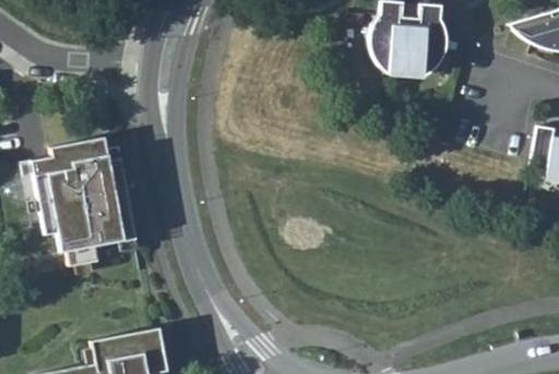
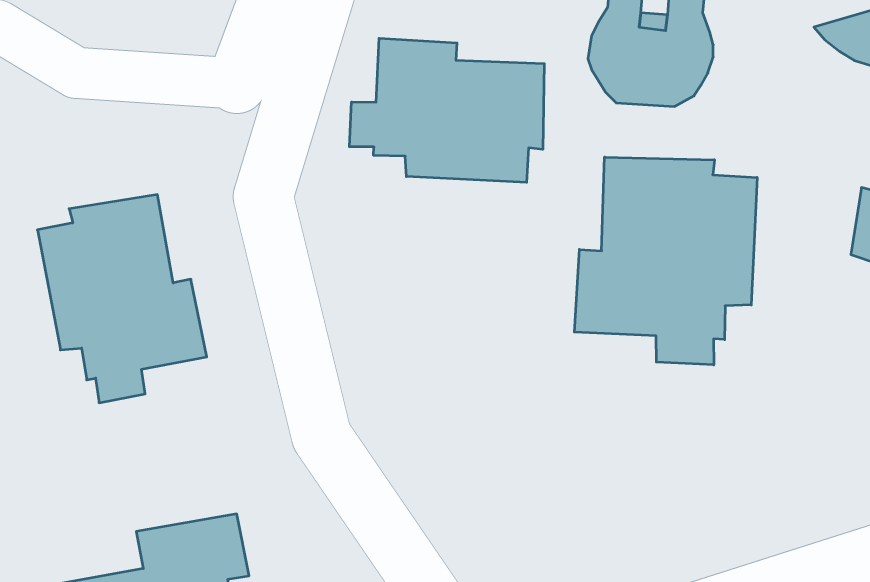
building: none -> [349,38,544,182]
building: none -> [574,157,757,365]

